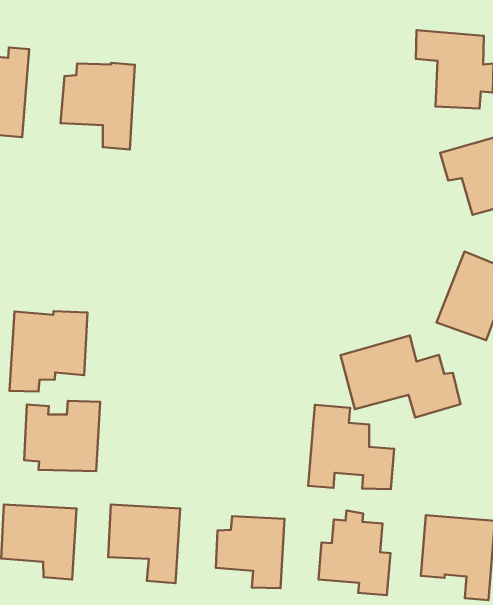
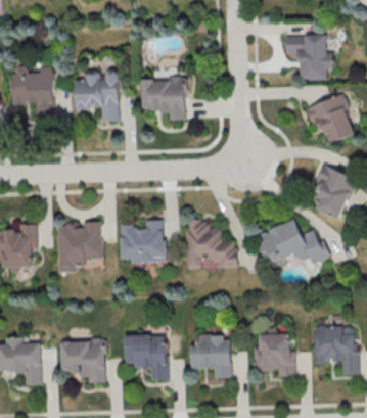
building: none -> [141,78,186,121]
building: [24,401,100,471] -> [121,219,166,263]
building: [308,405,394,489] -> [186,219,236,268]

